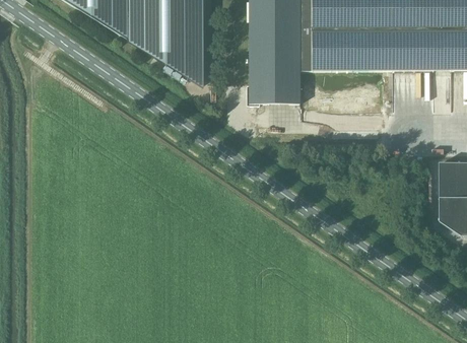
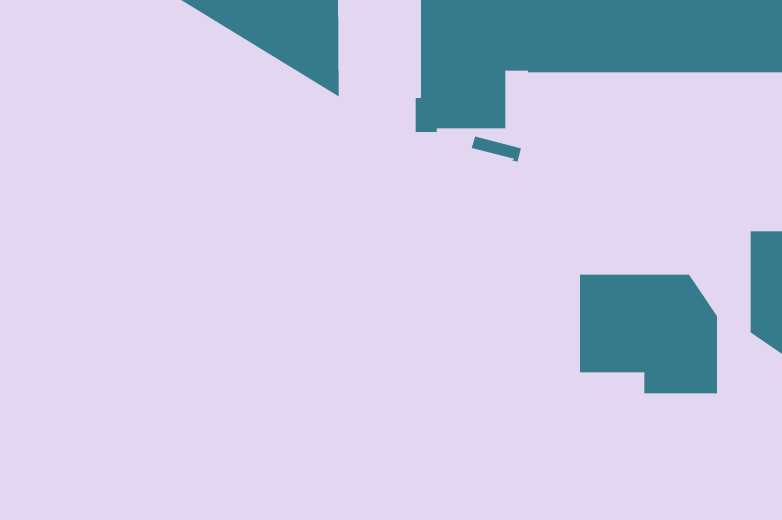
building: none -> [580,274,718,394]

